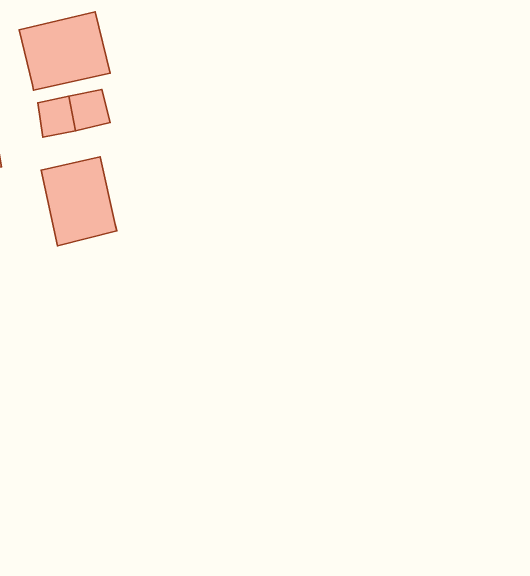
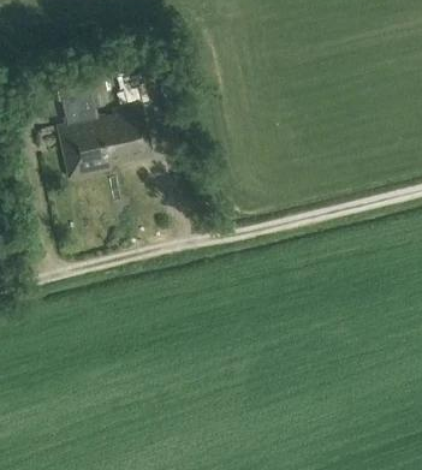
building: [19,12,110,90] -> none
building: none -> [101,107,153,166]

